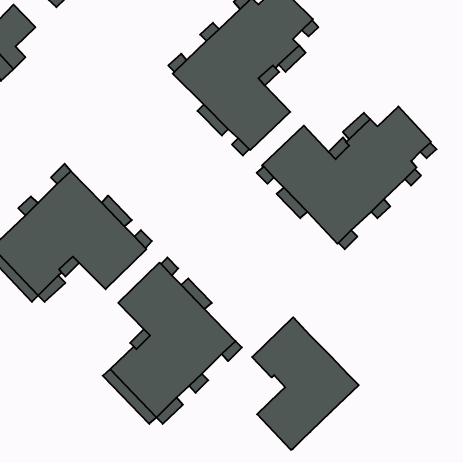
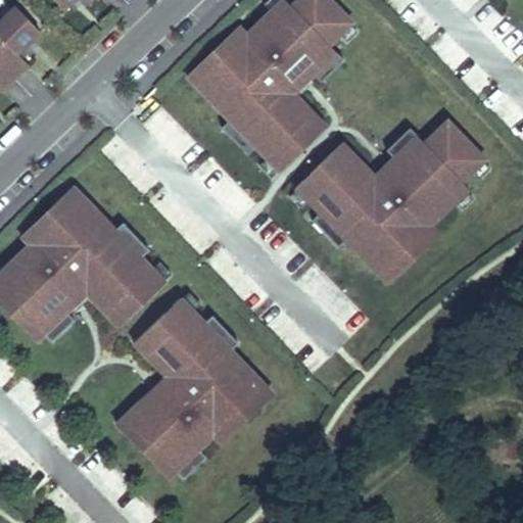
building: [252,317,359,450] -> none

